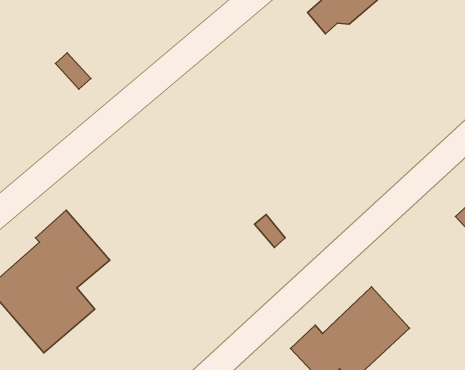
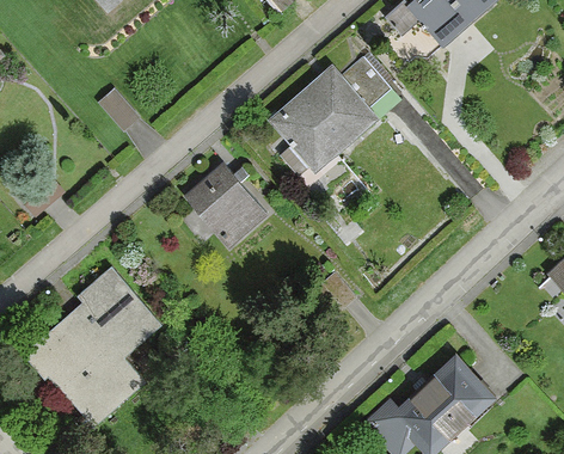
building: none -> [269,59,392,190]
building: none -> [185,162,265,245]

